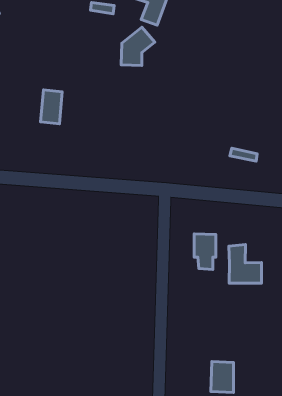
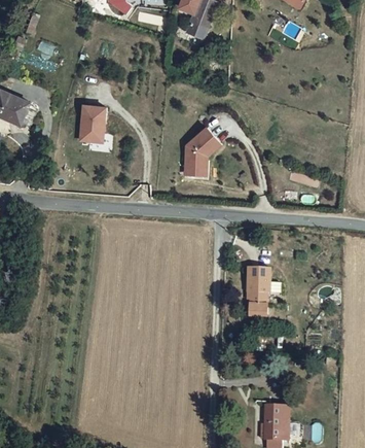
building: [121,27,155,66] -> [185,125,222,167]
building: [229,245,262,283] -> none

